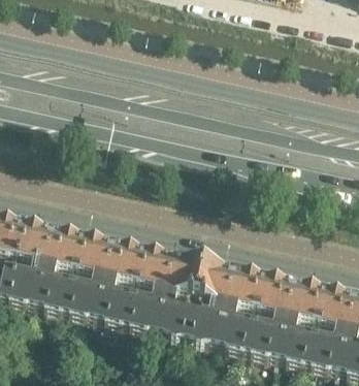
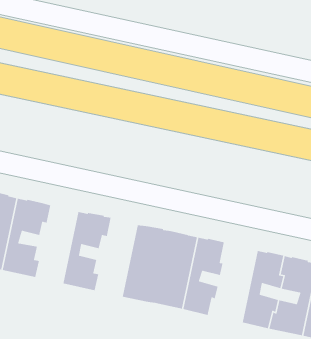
building: [67,238,110,319] -> none
building: [127,252,170,332] -> none
building: [241,278,291,358] -> none

